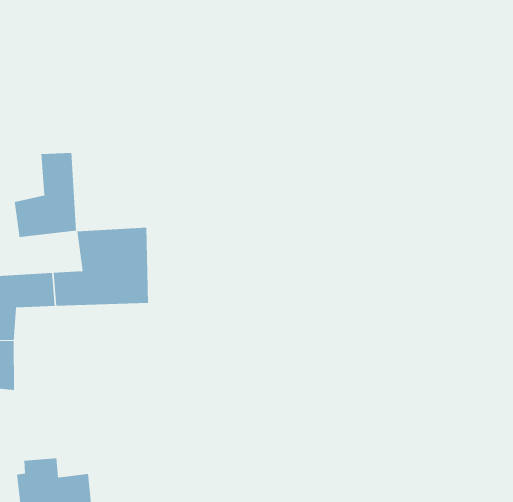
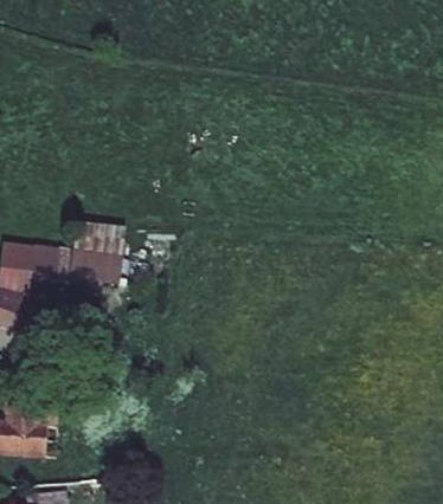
building: [14,152,77,238] -> none

